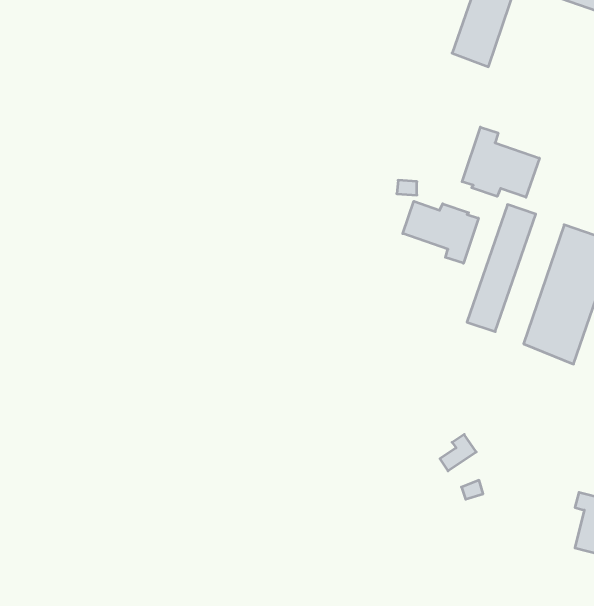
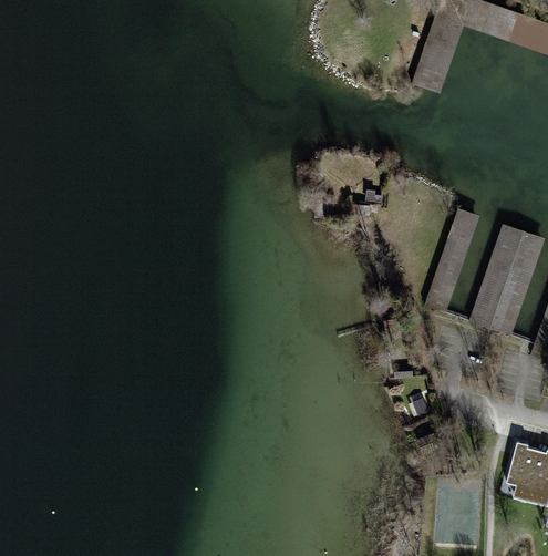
building: [462,127,539,197] -> none
building: [403,201,478,263] -> none

